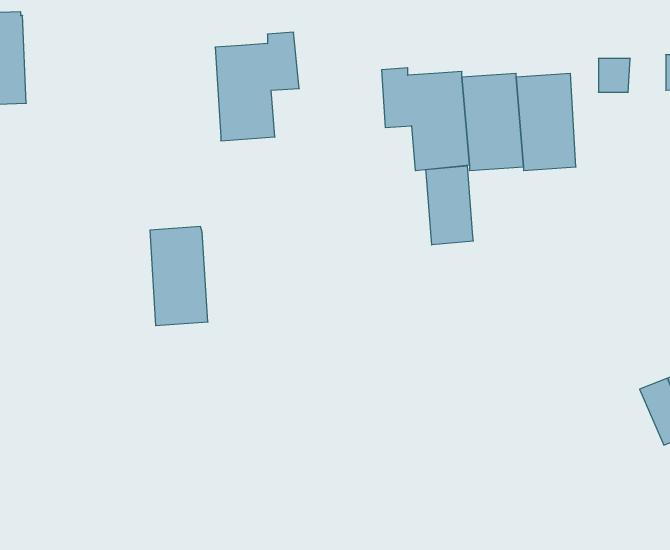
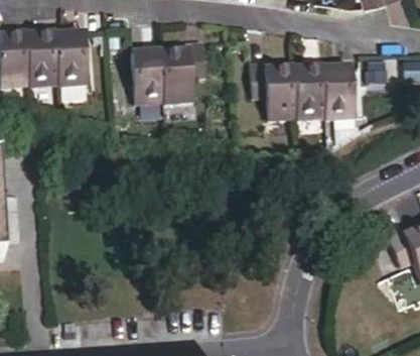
building: none -> [55,37,87,86]
building: [426,166,473,245] -> none
building: [150,227,208,326] -> [131,52,162,106]

